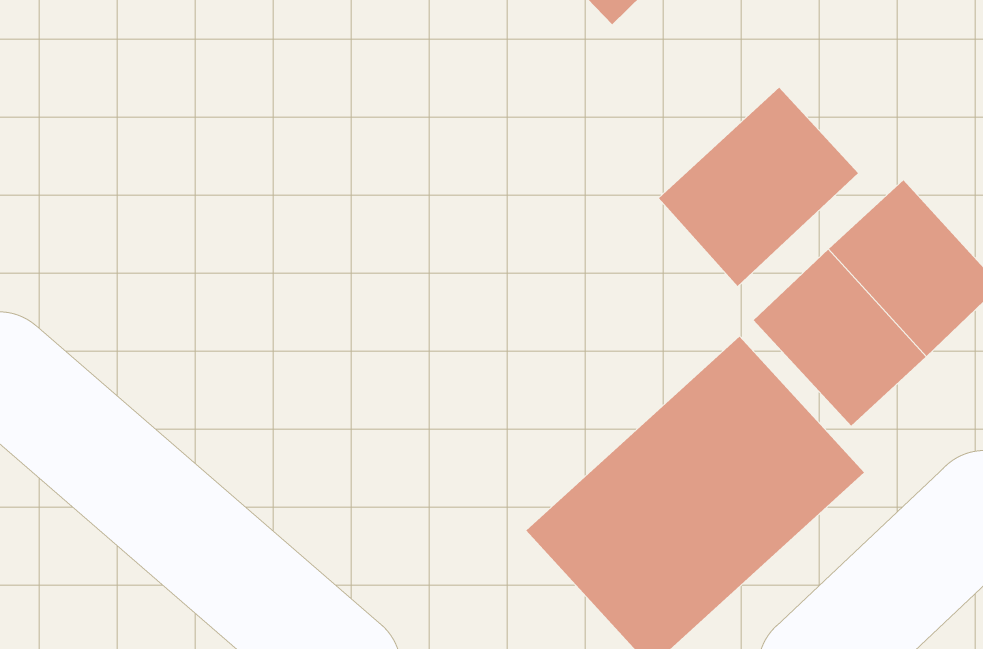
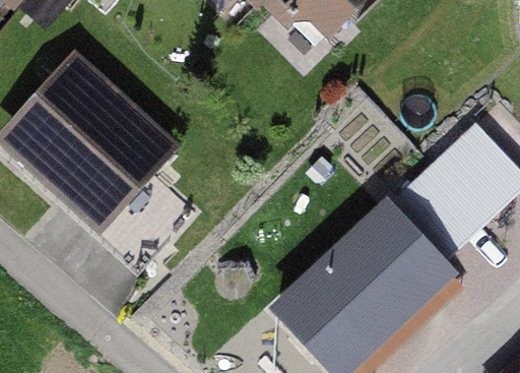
building: none -> [5,69,165,223]
building: [658,87,859,287] -> none

